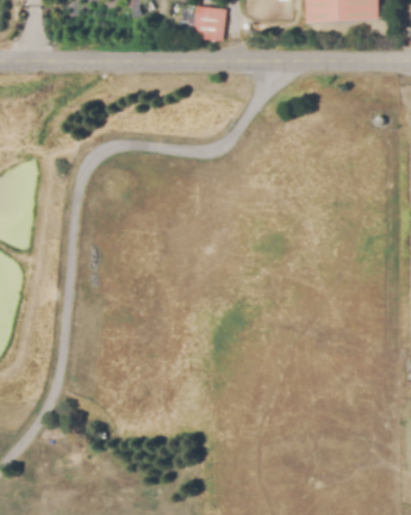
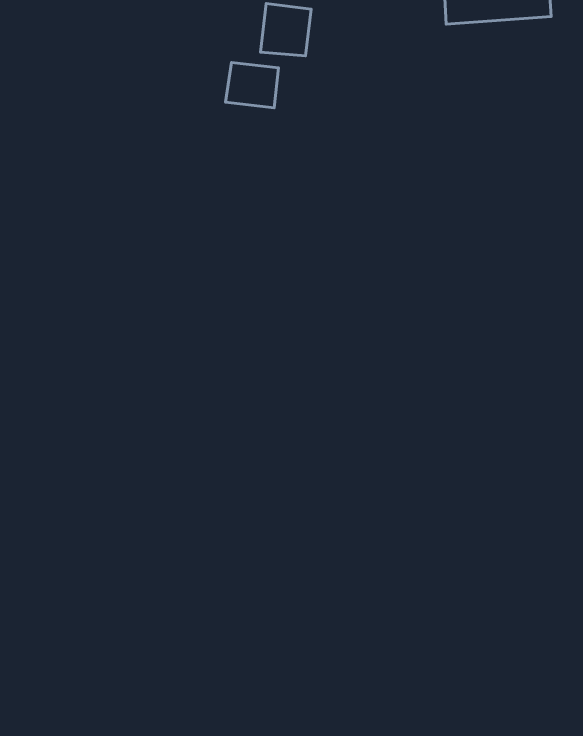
building: none -> [225,63,279,108]

